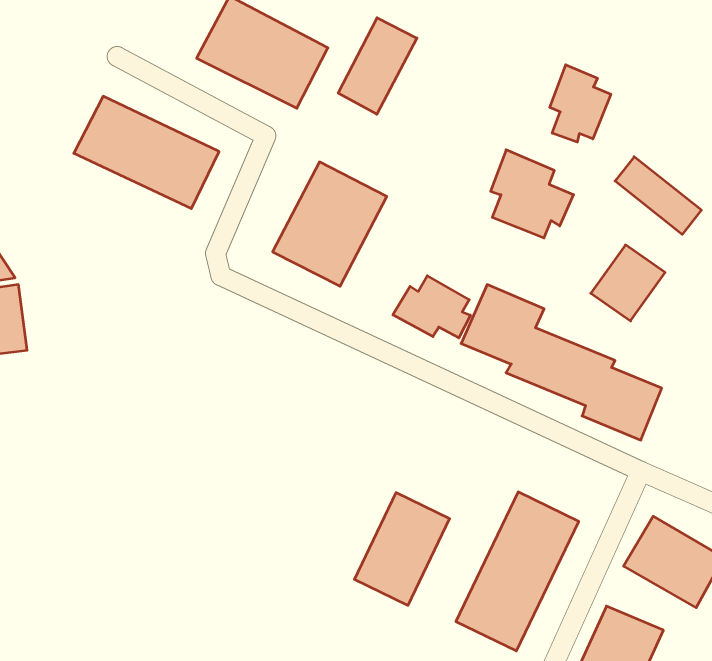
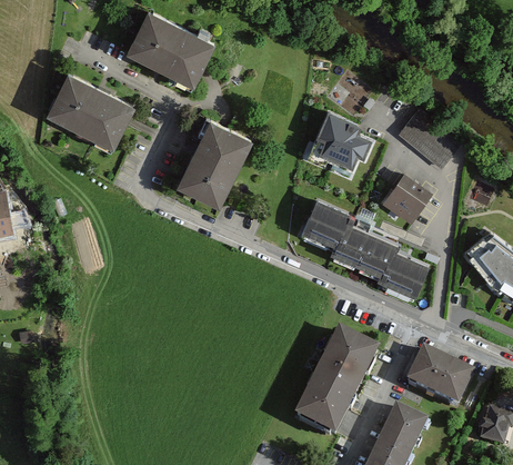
building: [338,18,417,114] -> none
building: [550,65,611,142] -> none
building: [393,276,470,338] -> none
building: [354,493,450,605] -> none

